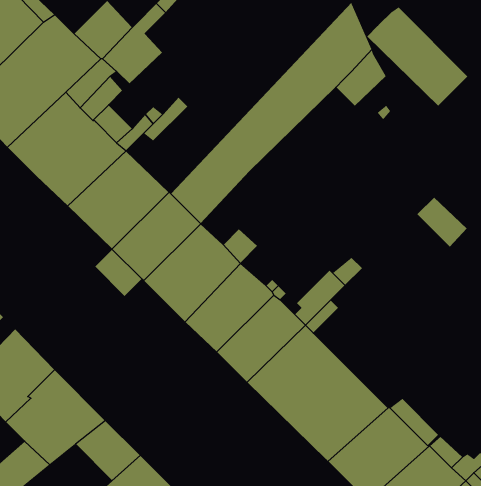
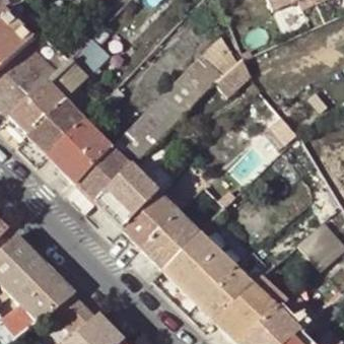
building: [367,7,468,106] -> none

